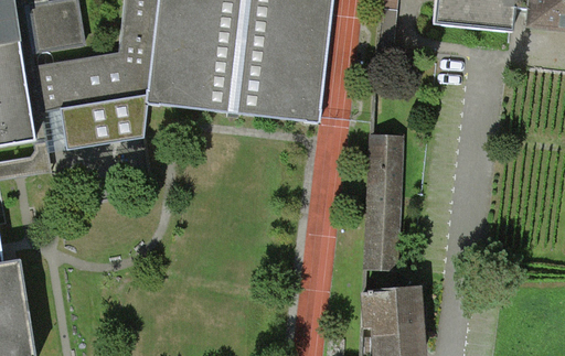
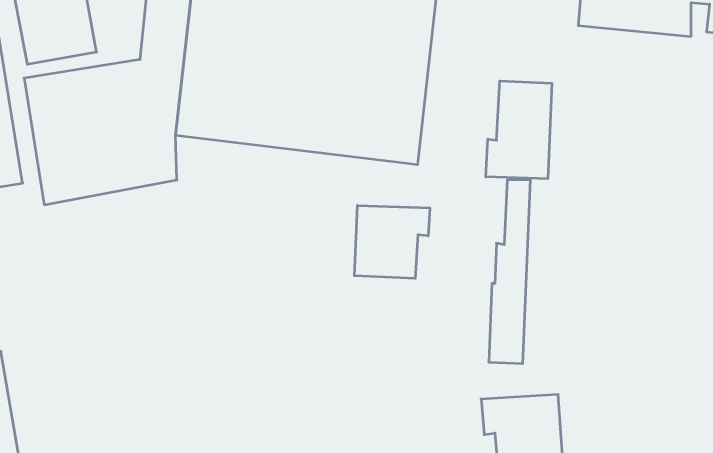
building: none -> [486,81,552,179]
building: none -> [354,205,430,278]

